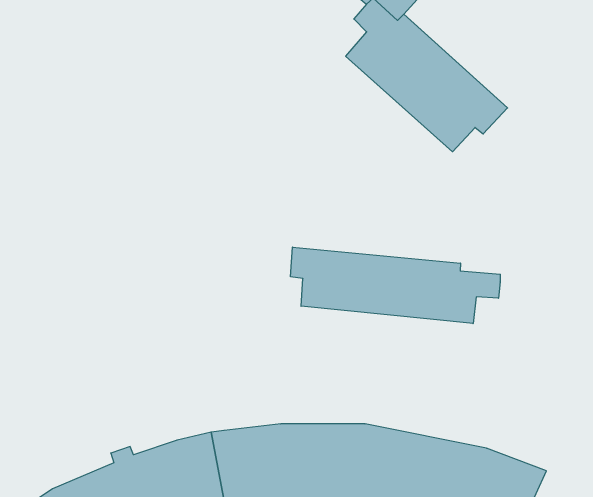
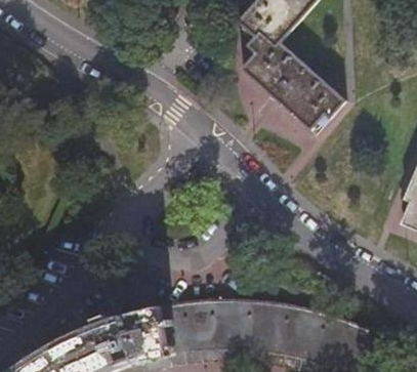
building: [291,247,500,324] -> none

